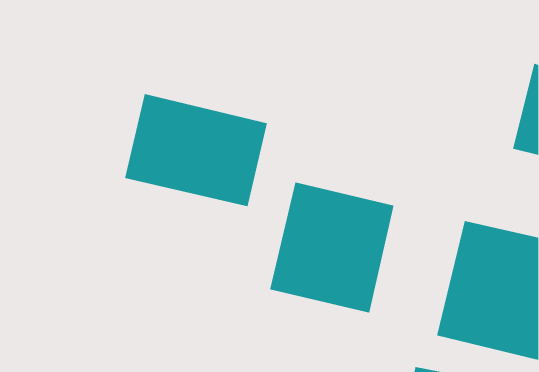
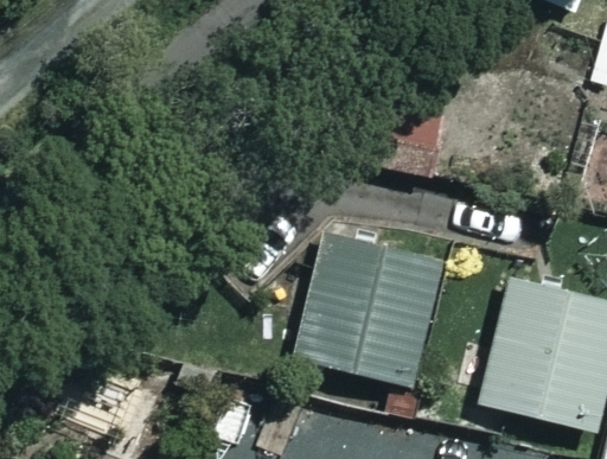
building: [124,93,268,207] -> none

